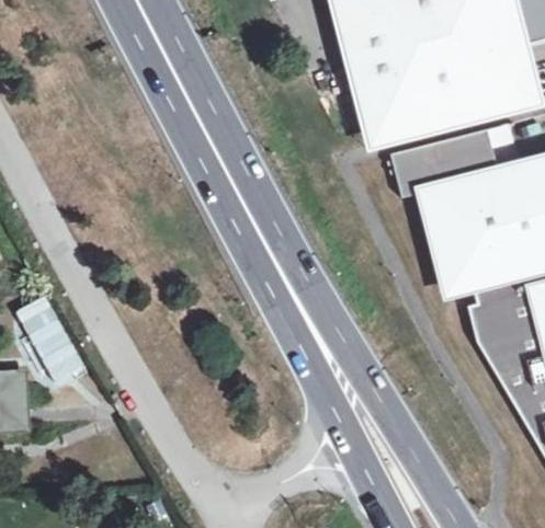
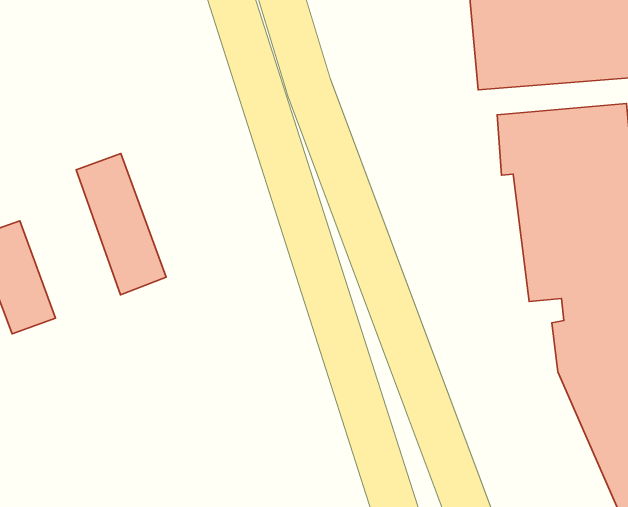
building: none -> [76,153,166,295]

